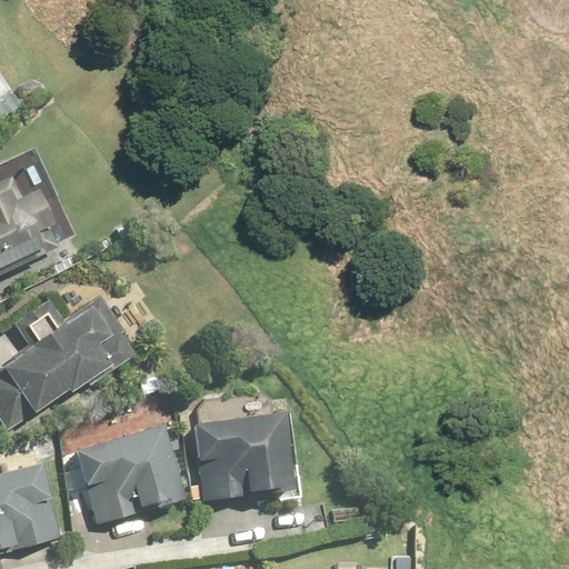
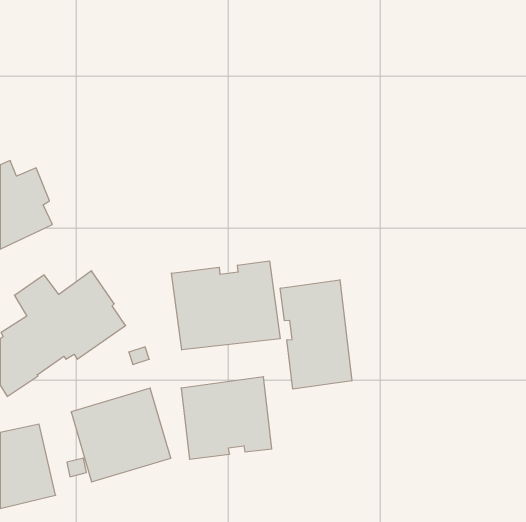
building: none -> [171,261,280,350]
building: none -> [280,280,352,389]

